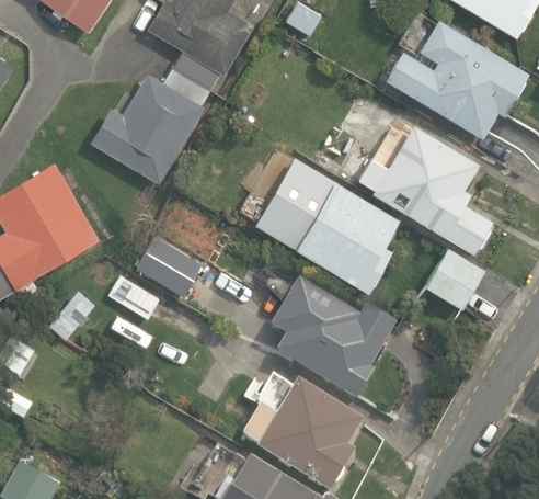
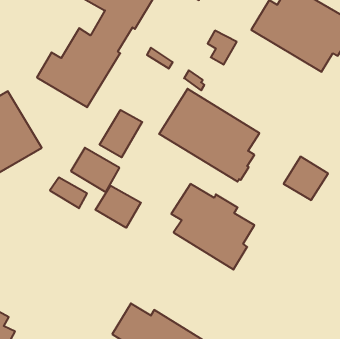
building: [340,122,491,250] -> none
building: none -> [100,110,142,157]
building: none -> [95,185,141,228]
building: [243,384,364,494] -> none

